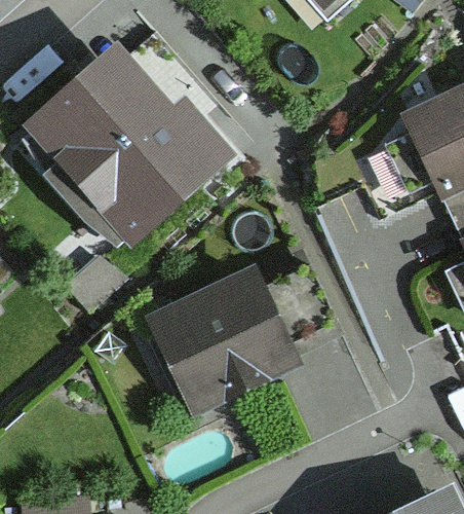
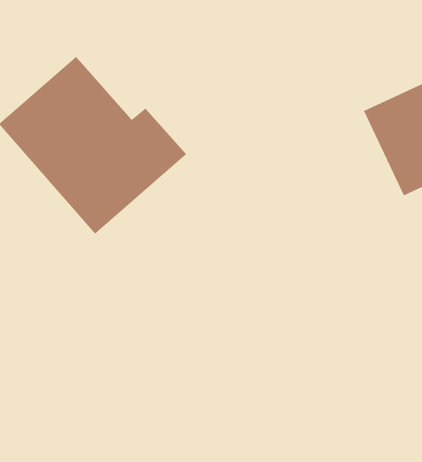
building: [159,282,287,398] -> none

